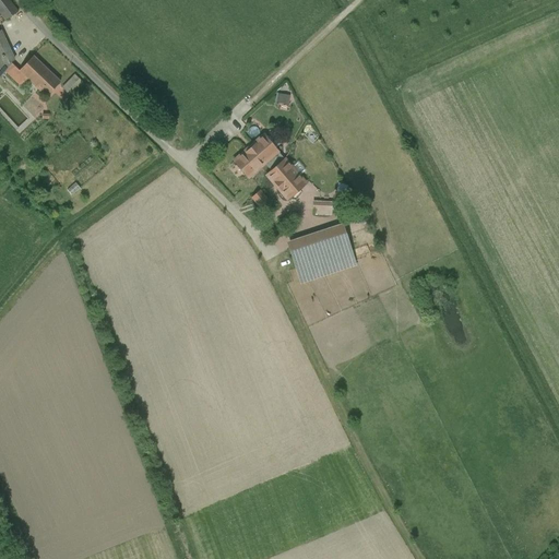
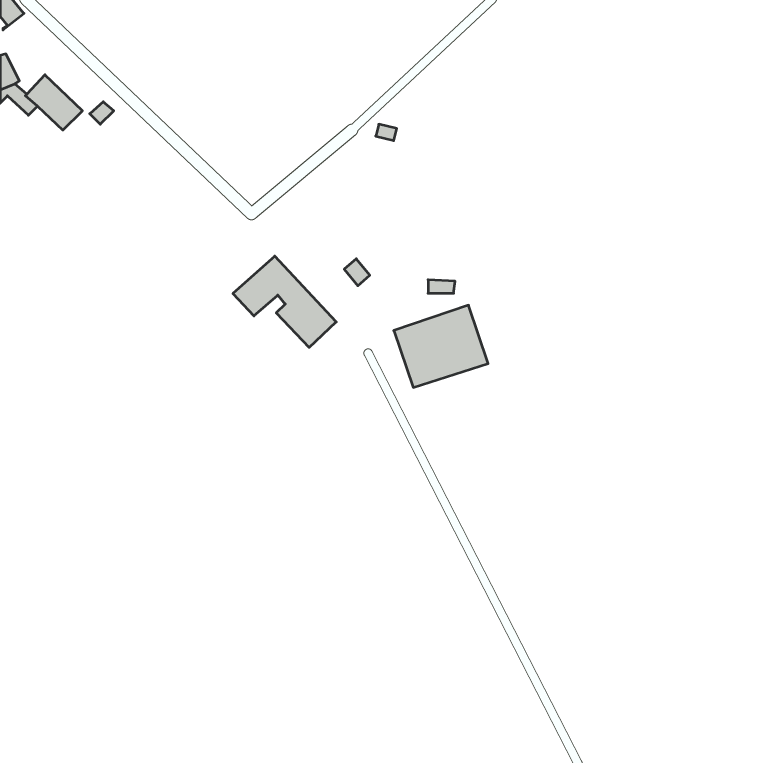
building: [233,133,308,200] -> [233,256,336,347]

